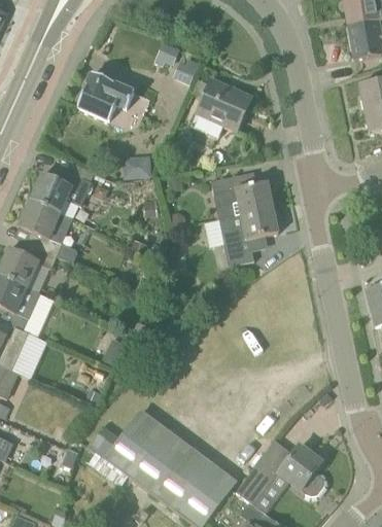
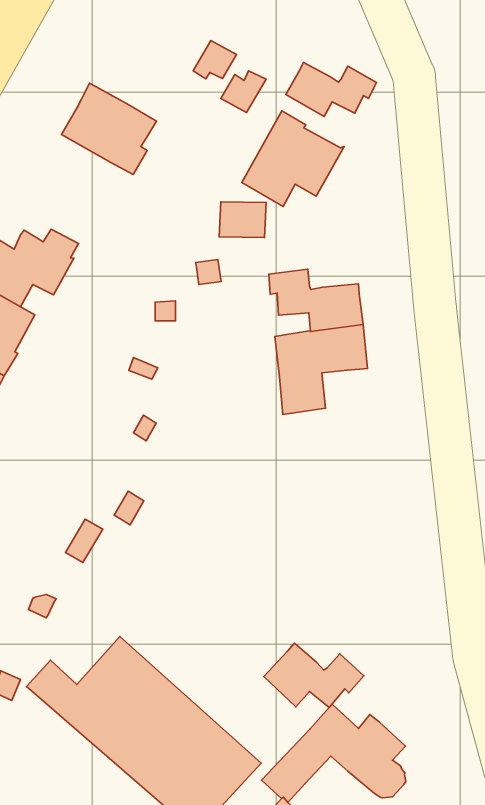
building: none -> [286,63,377,116]
building: [123,154,151,178] -> [219,202,266,238]
building: none -> [264,643,364,707]

